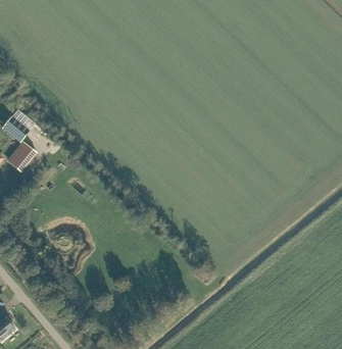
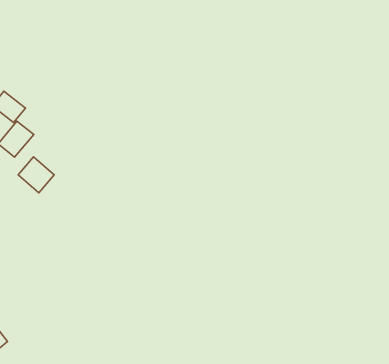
building: none -> [18,157,54,193]

